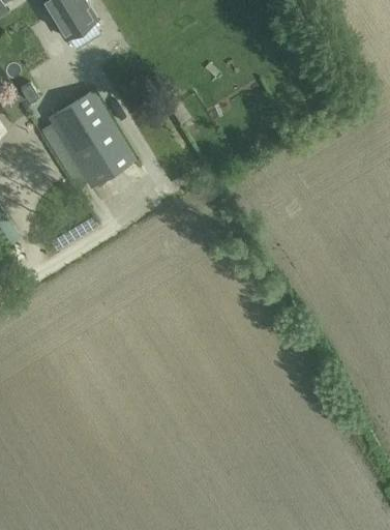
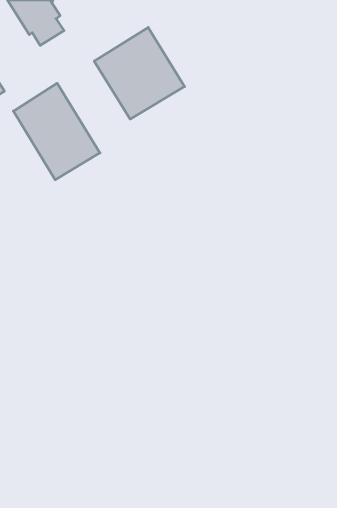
building: none -> [94,27,185,119]

